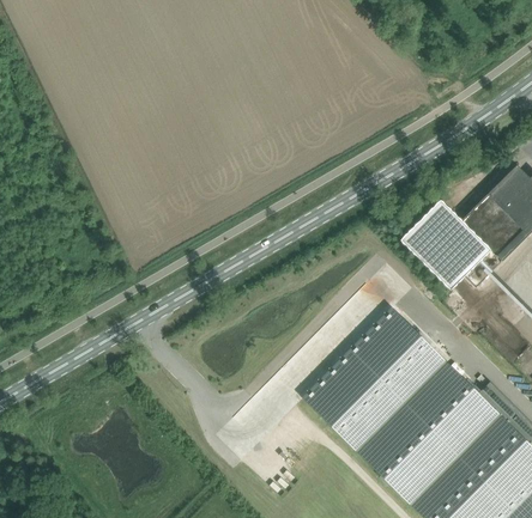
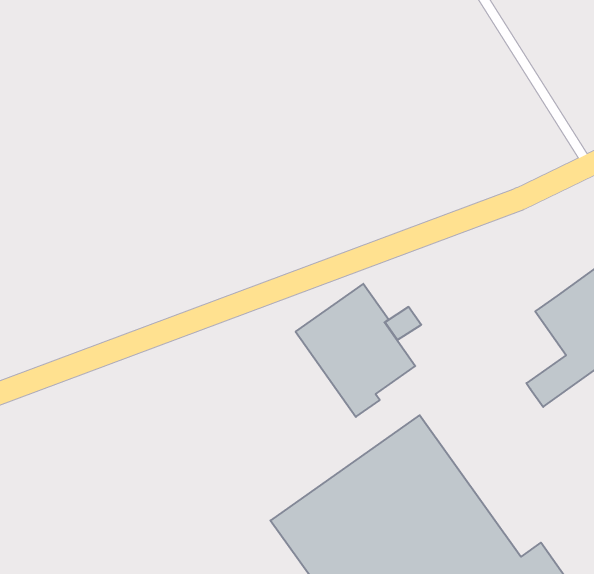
building: [399,200,485,292] -> [296,284,415,417]

